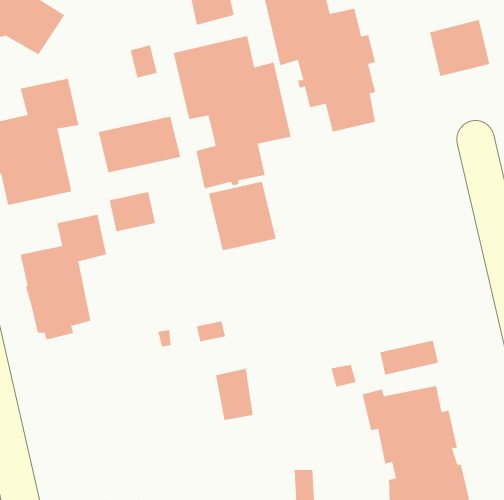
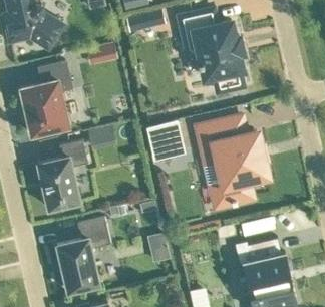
building: [430,19,490,77] -> none
building: [173,36,292,189] -> [198,117,266,206]
building: [98,116,181,173] -> none
building: none -> [56,217,110,291]

